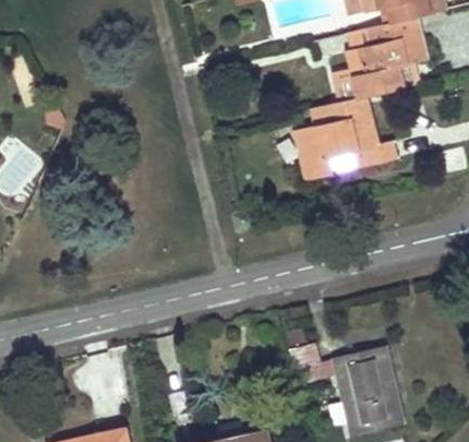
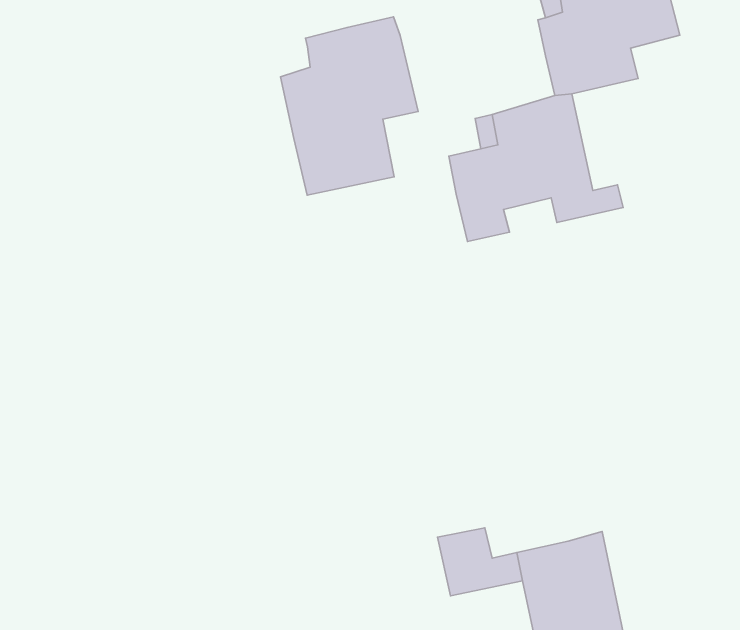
building: none -> [281,17,418,195]

